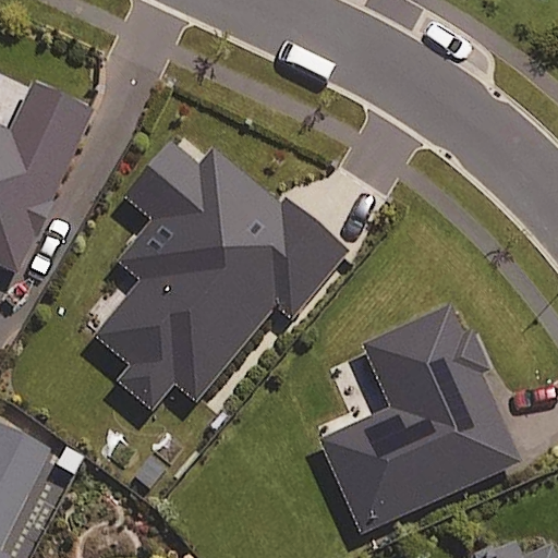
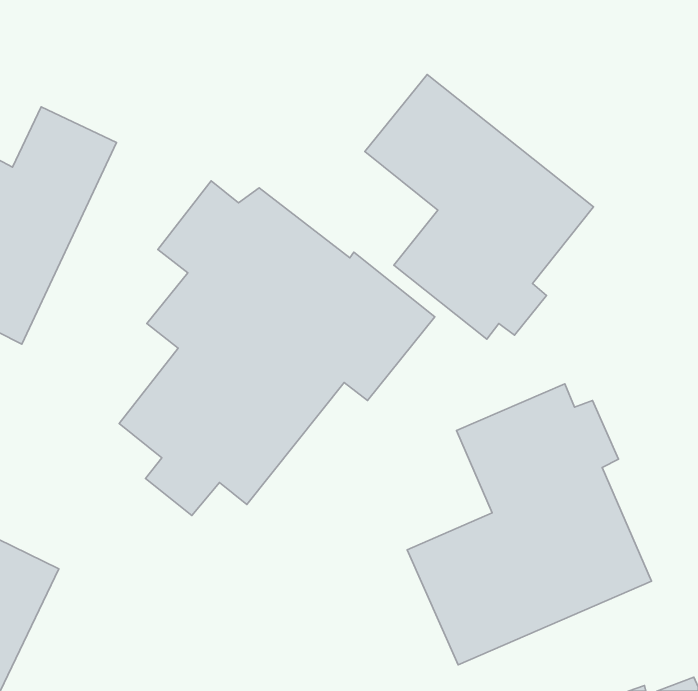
building: none -> [365,74,594,339]

